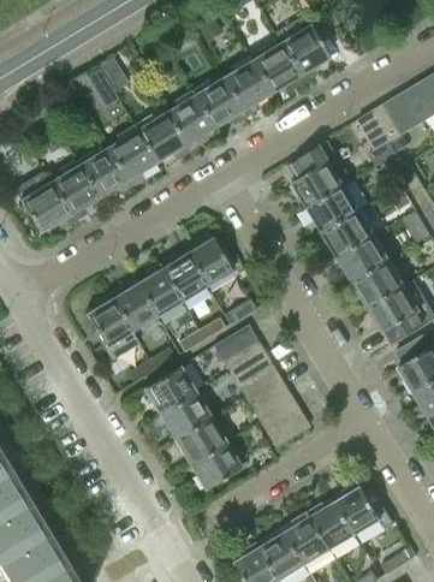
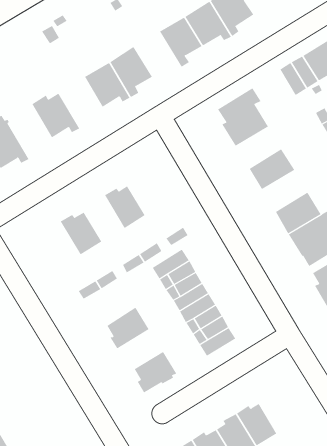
building: [191,77,245,129] -> none
building: [106,129,155,188] -> none
building: [48,160,97,222] -> none
building: [307,185,359,233] -> none
building: [184,234,231,286] -> none
building: [337,234,390,283] -> none
building: [135,263,180,316] -> none
building: [84,293,137,360] -> none
building: [141,366,194,412] -> none
building: [172,416,225,462] -> none
building: [334,482,393,535] -> none

